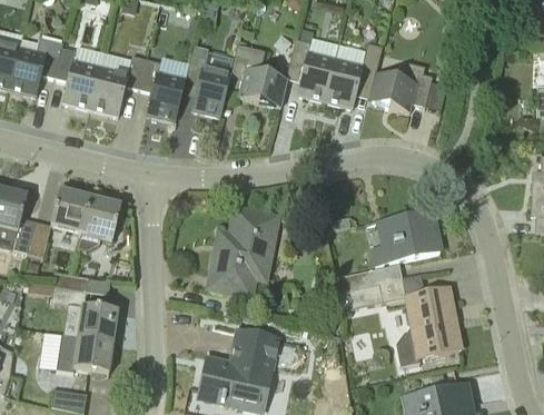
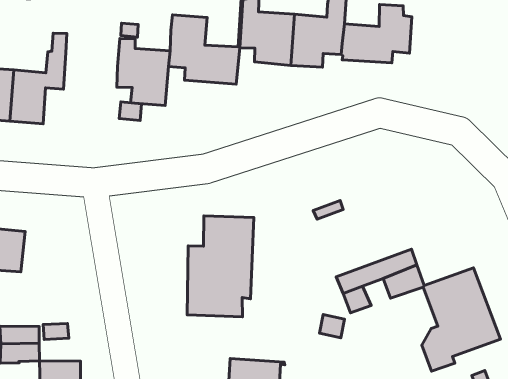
building: [140,59,187,119] -> none
building: [78,198,121,249] -> none
building: [369,208,441,264] -> none

